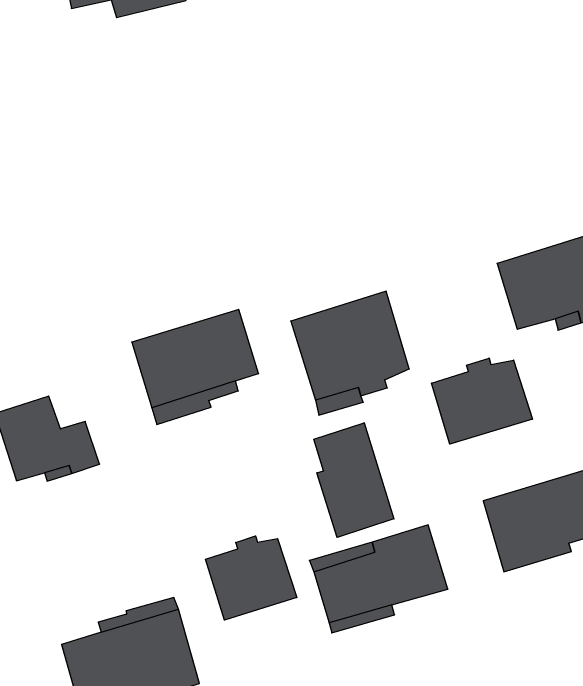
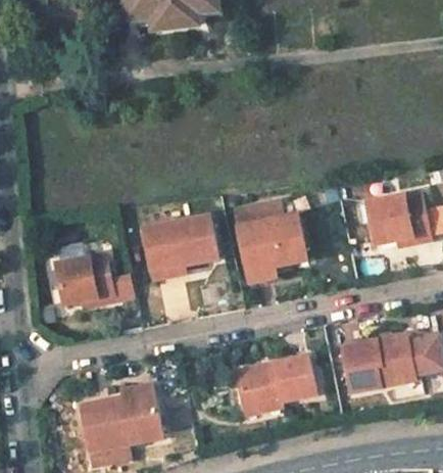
building: [432,358,532,444] -> none
building: [314,423,394,537] -> none
building: [206,536,297,620] -> none

